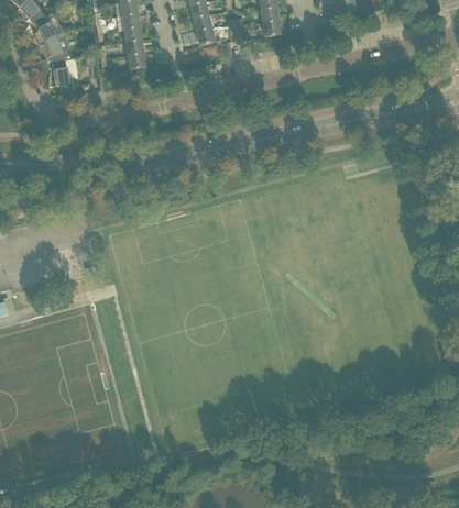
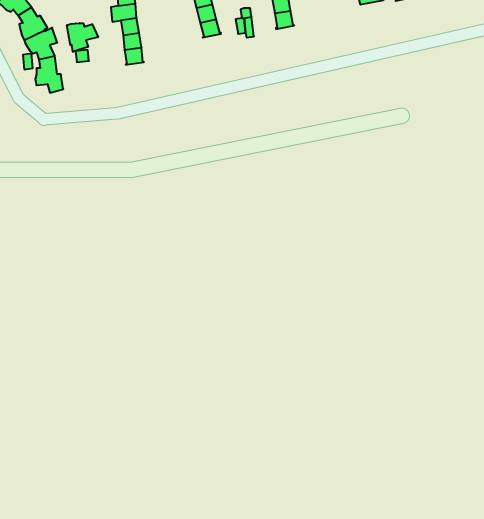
building: none -> [67,23,98,52]

